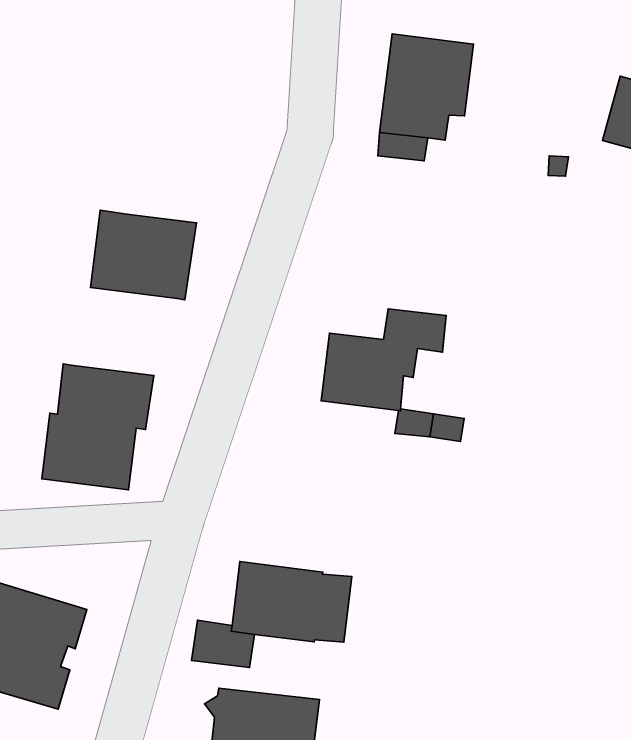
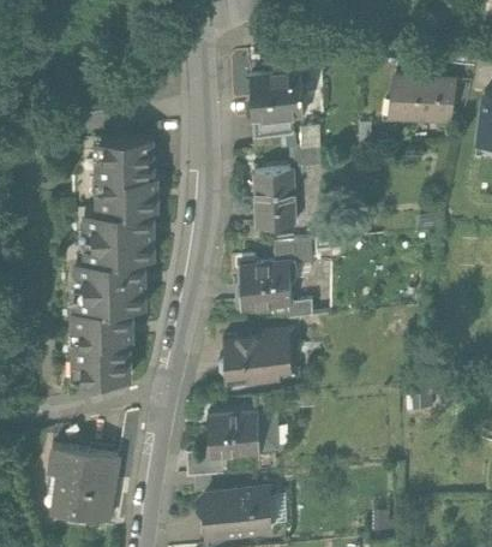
building: none -> [97,135,160,209]
building: none -> [253,170,295,226]
building: none -> [84,256,145,307]
building: none -> [218,333,290,384]

